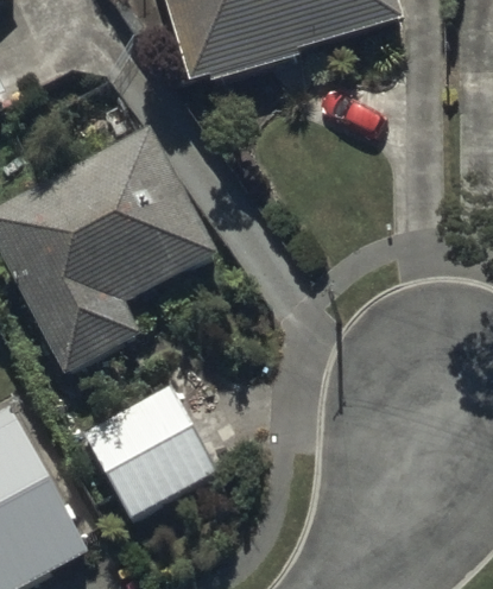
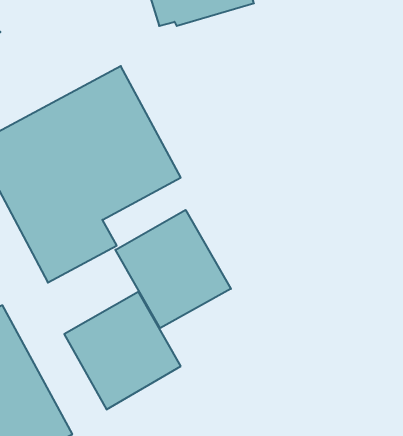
building: none -> [115,210,231,328]

